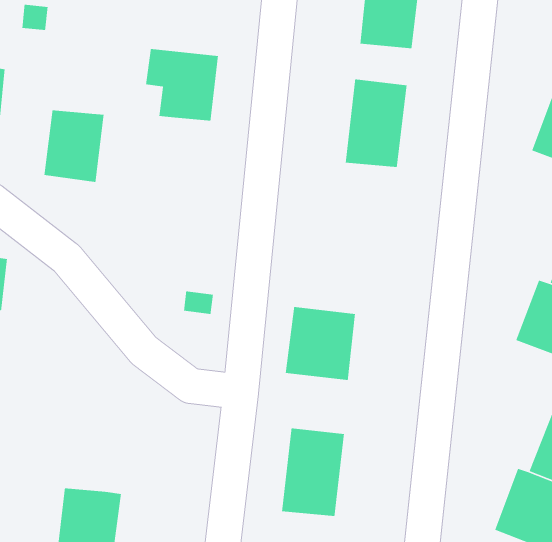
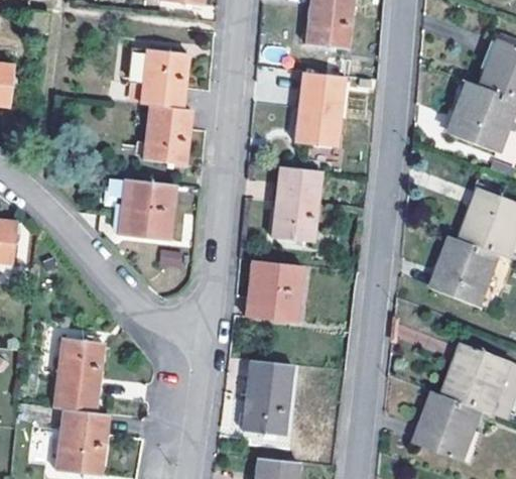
building: [43,109,105,183] -> [143,105,194,165]
building: none -> [271,166,321,241]
building: none -> [117,179,175,241]
building: none -> [52,336,104,412]

